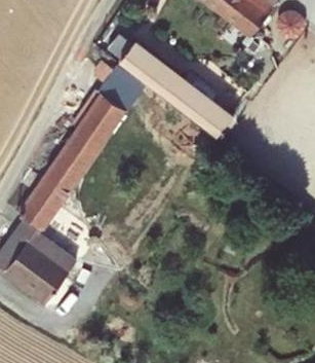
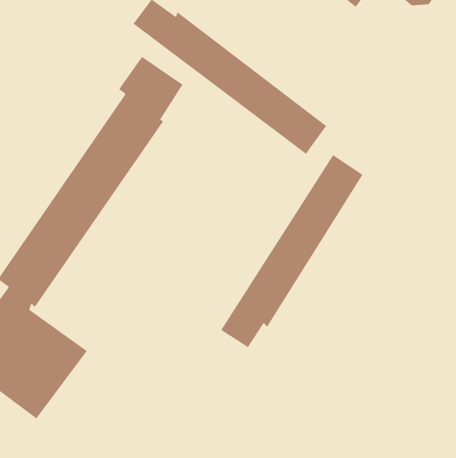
building: none -> [220,154,363,348]

